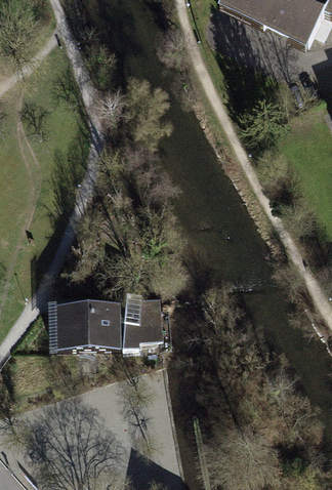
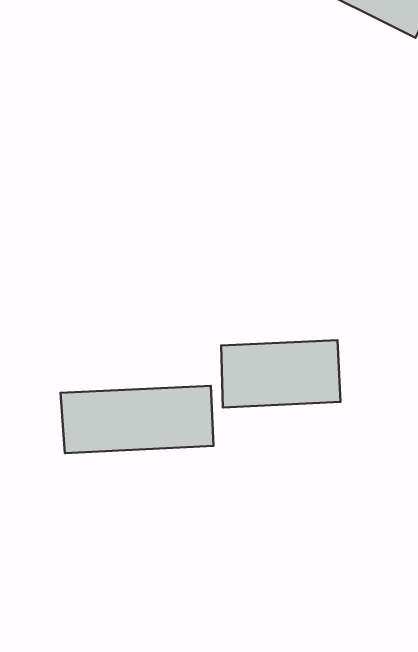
building: none -> [221,340,341,407]

